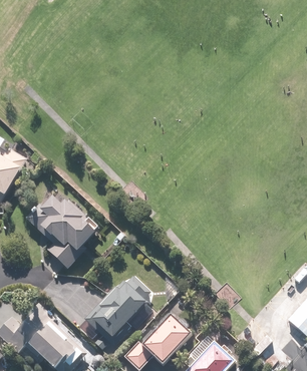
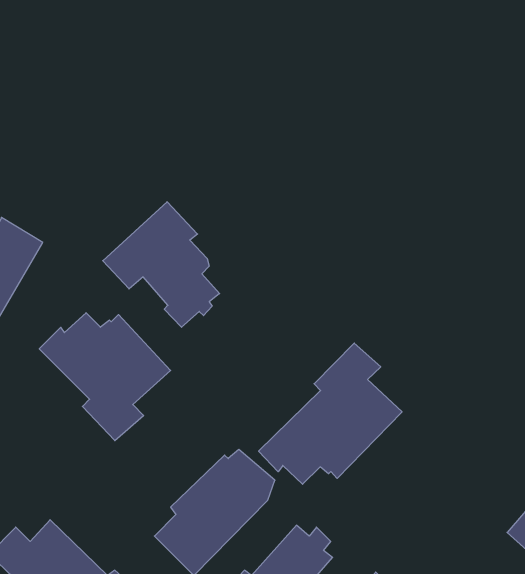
building: none -> [103,202,220,327]
building: none -> [259,343,402,484]

